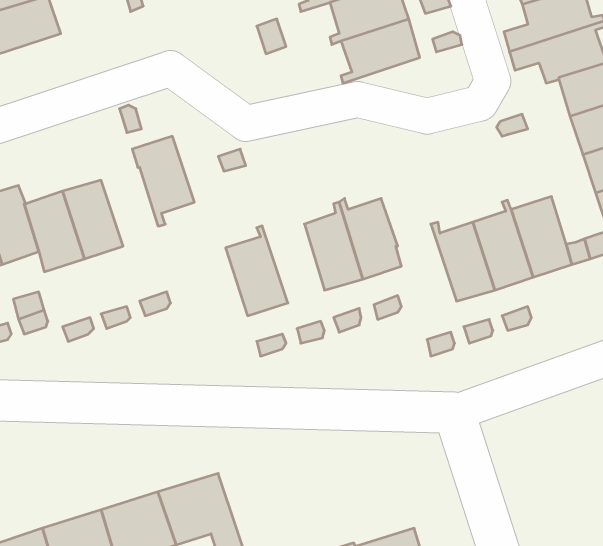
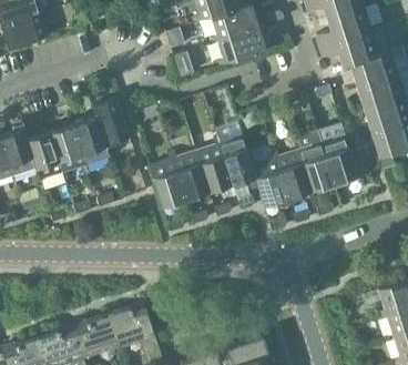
building: none -> [72,116,109,164]
building: none -> [170,151,207,199]
building: none -> [251,151,287,205]

